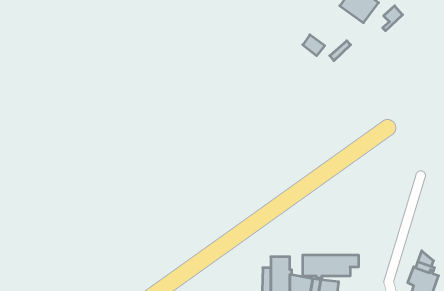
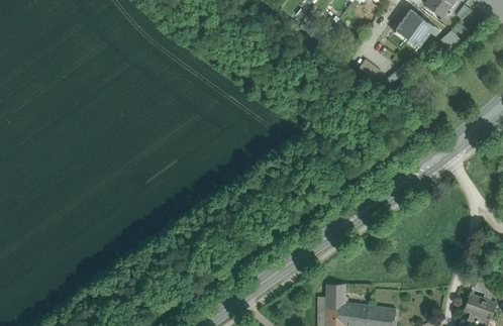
building: [303,255,358,278] -> none

